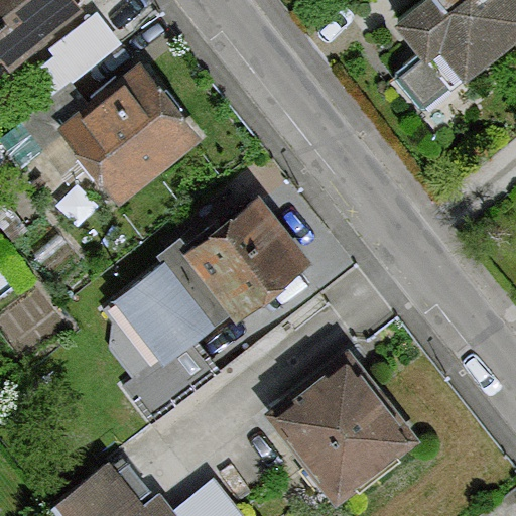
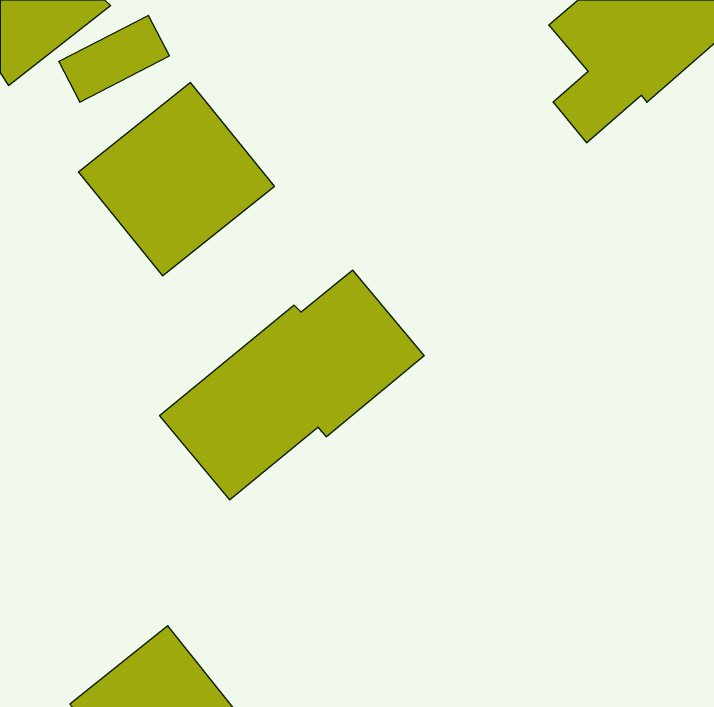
building: [265,352,417,506] -> none

